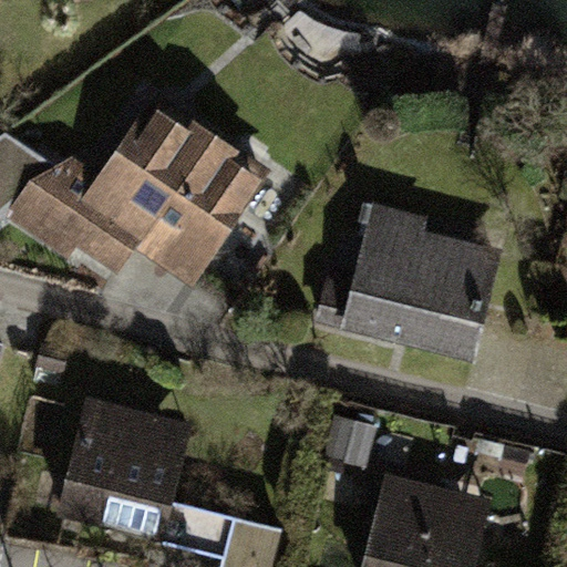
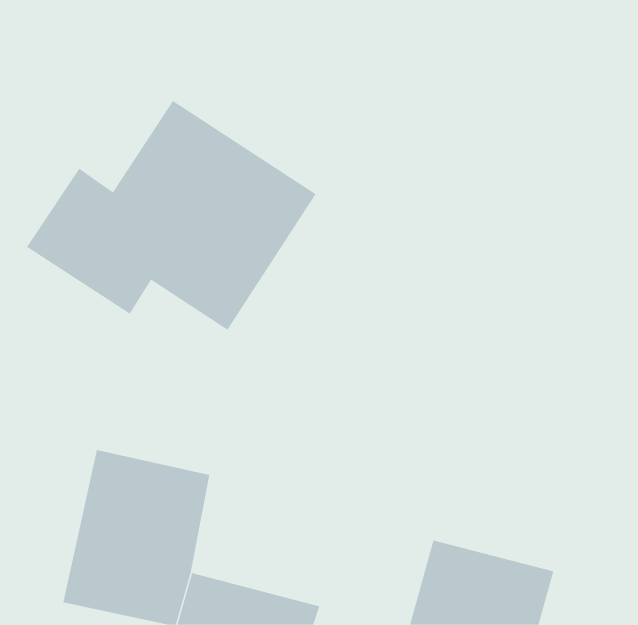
building: [328,202,497,380] -> none

